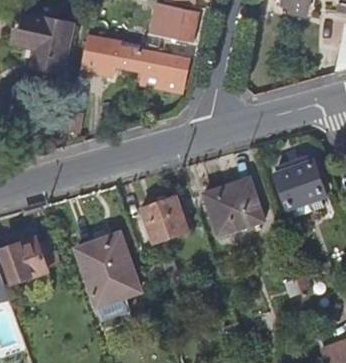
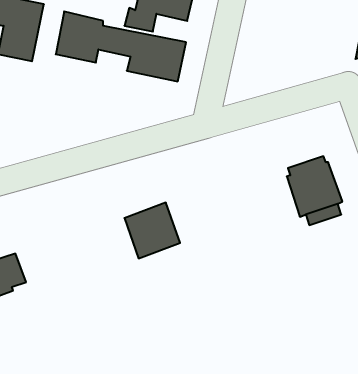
building: [201,176,258,225] -> none
building: [75,237,137,318] -> none

